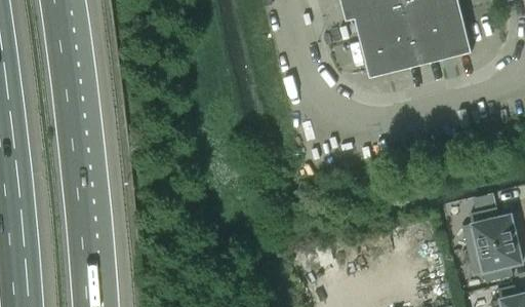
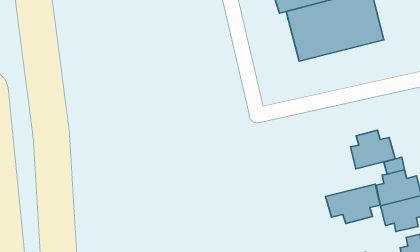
building: none -> [351,130,395,169]
building: none -> [325,184,380,224]

